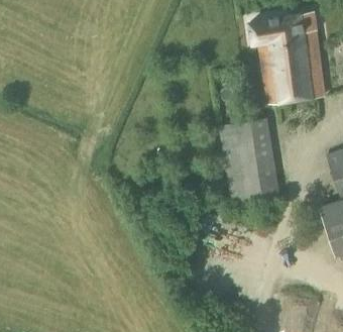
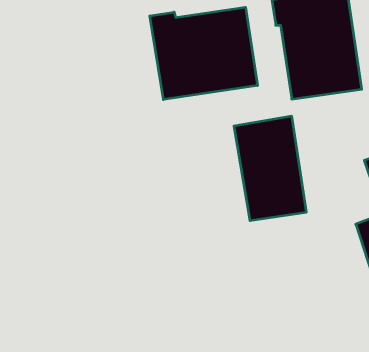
building: none -> [150,7,257,100]

